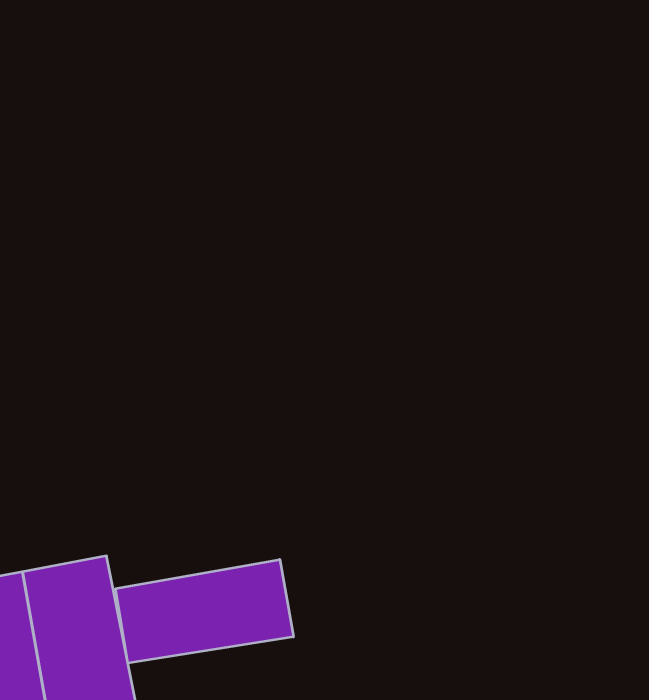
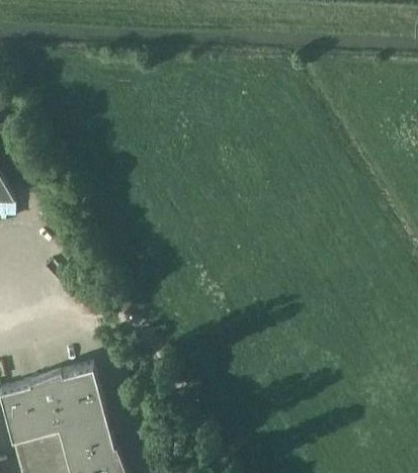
building: [116,559,293,663] -> none

